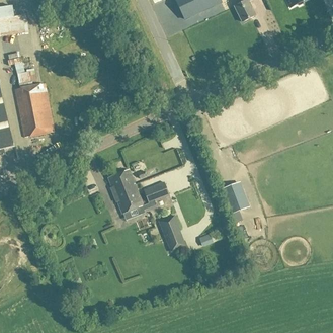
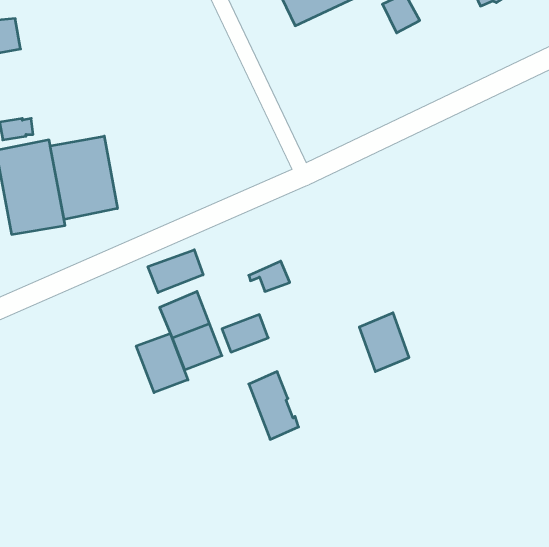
building: none -> [50,136,117,220]
building: none -> [148,250,203,293]
building: none -> [136,333,188,393]

